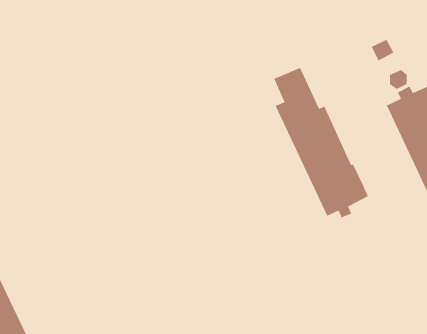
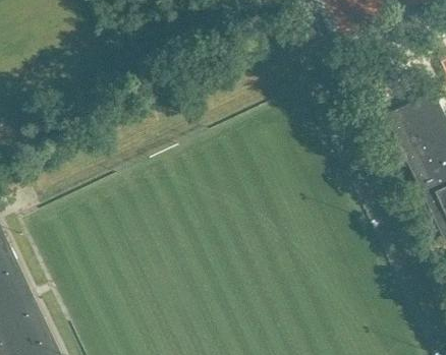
building: [273,67,369,218] -> none

